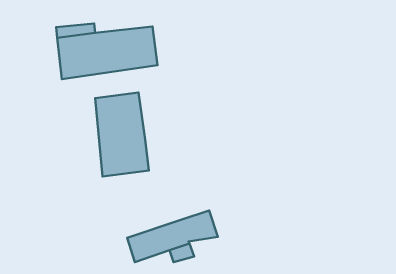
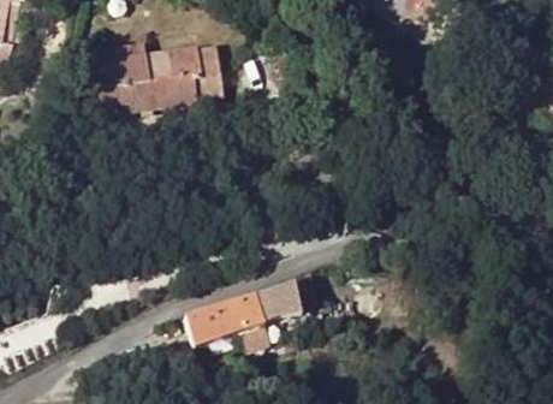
building: [95,92,149,177] -> none

